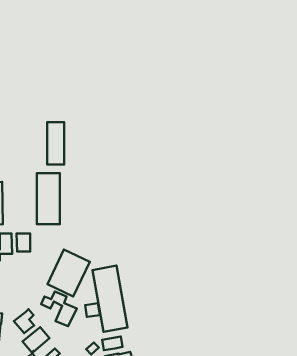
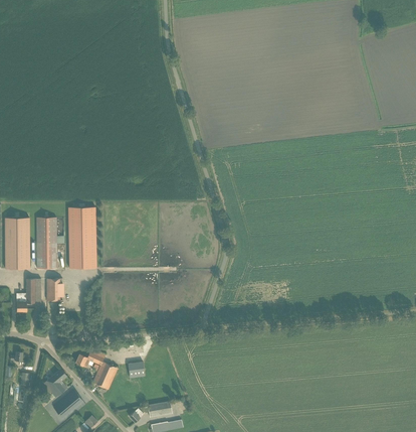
building: [47,122,64,165] -> [35,218,55,268]
building: [47,250,90,297] -> none
building: [92,266,128,332] -> none

